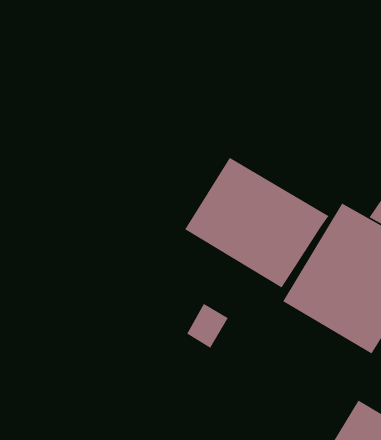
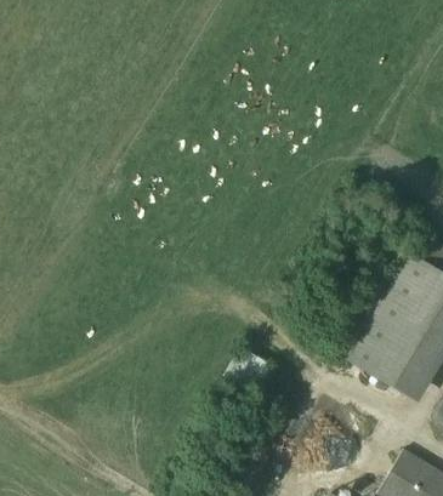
building: [184,157,330,288] -> none

